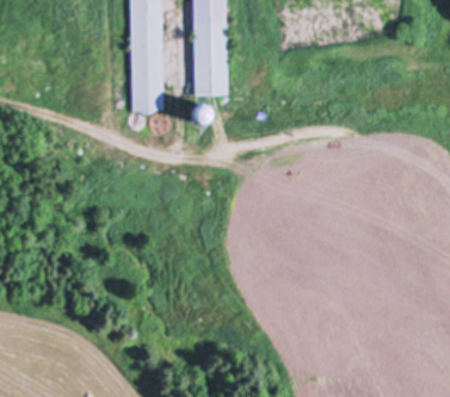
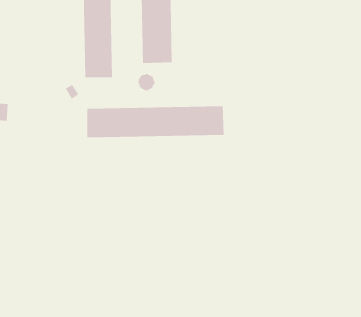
building: none -> [87,106,224,138]

